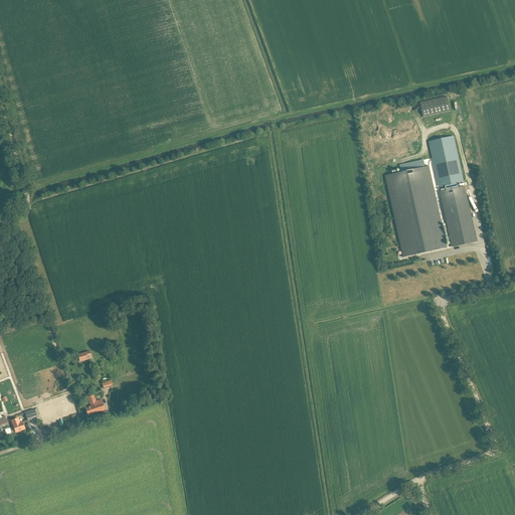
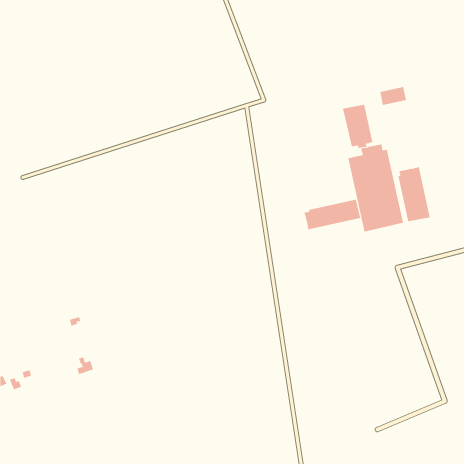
building: [428,139,463,188] -> [342,104,373,149]
building: none -> [304,199,361,230]

